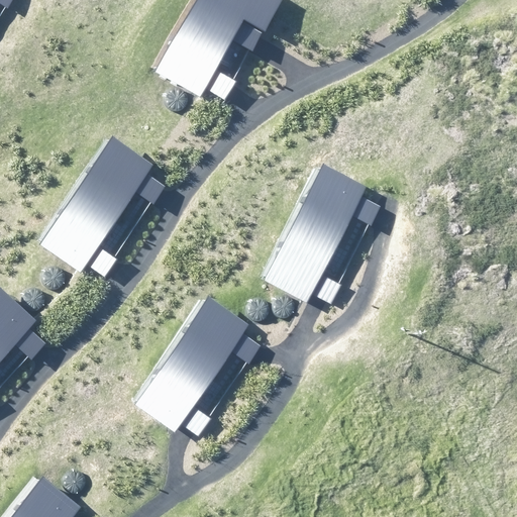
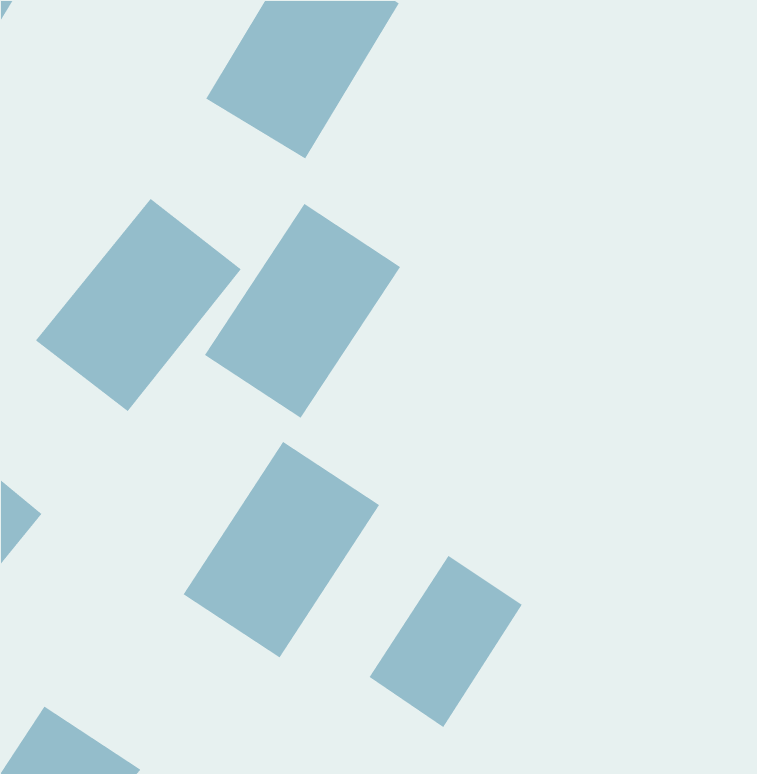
building: [247,164,379,307] -> [204,203,401,419]
building: none -> [368,555,523,728]

